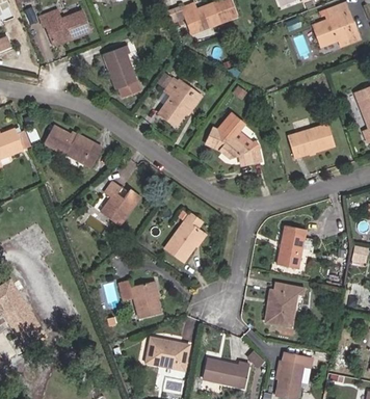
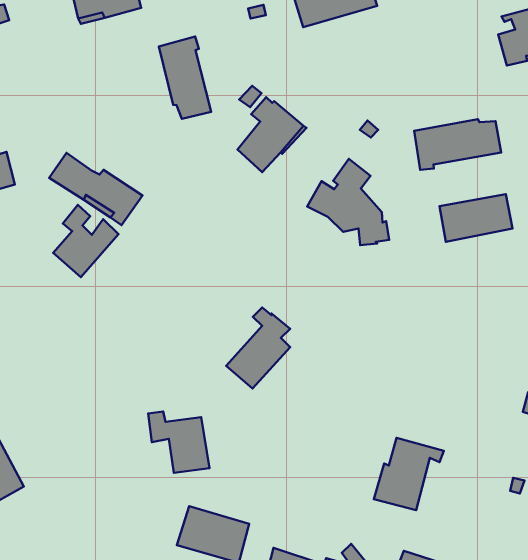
building: none -> [414,119,501,170]
building: [101,181,140,225] -> [53,205,119,277]
building: [276,224,306,269] -> none

